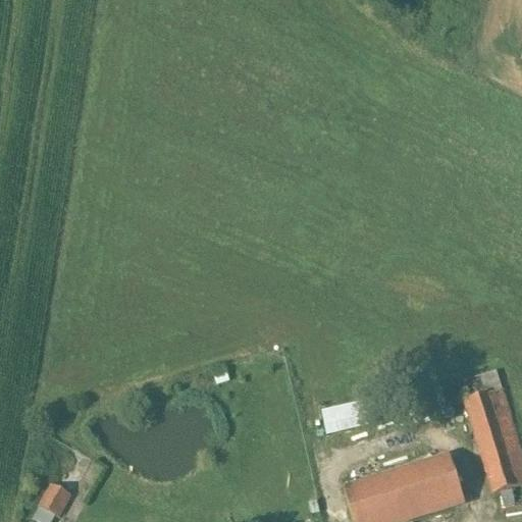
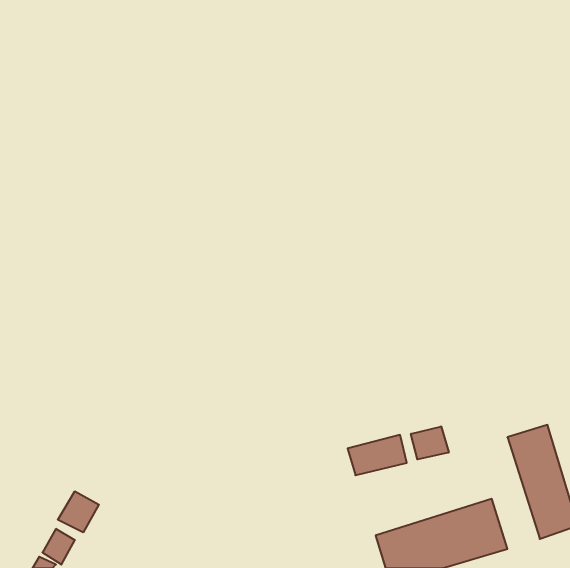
building: none -> [411,426,449,459]
building: none -> [58,491,99,532]

